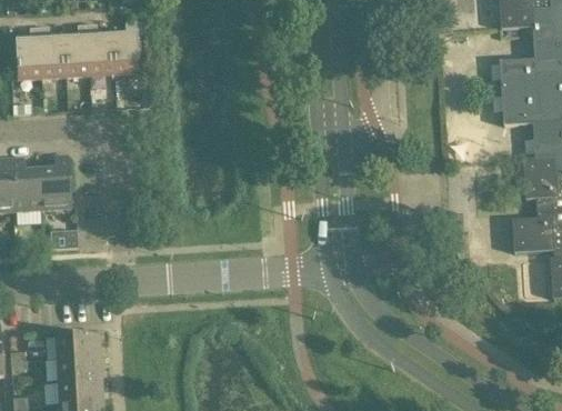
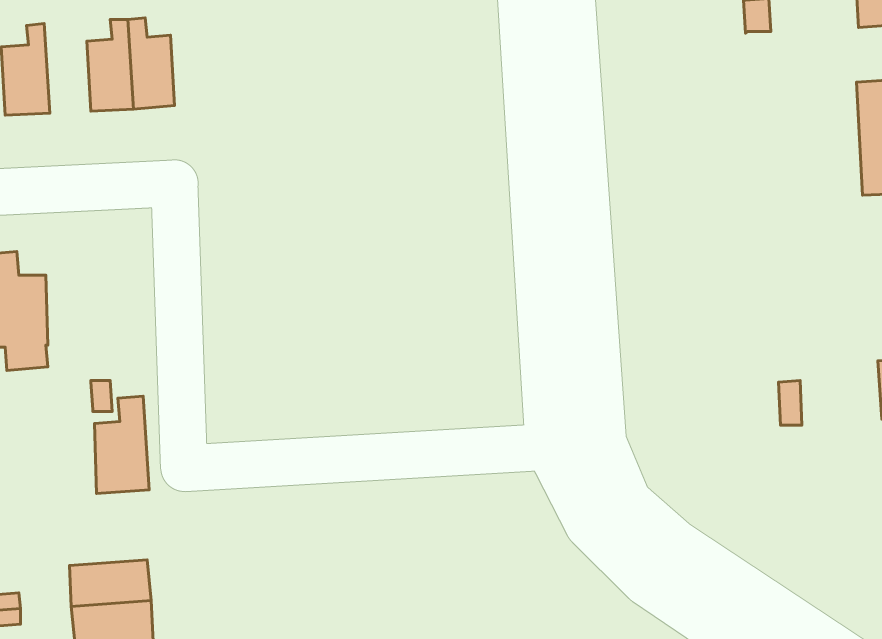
building: [110,20,138,72] -> none
building: [38,26,64,77] -> none
building: [39,153,70,209] -> [95,396,149,494]

